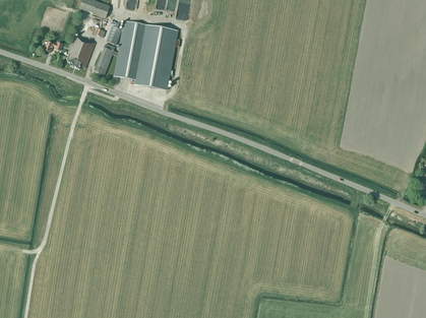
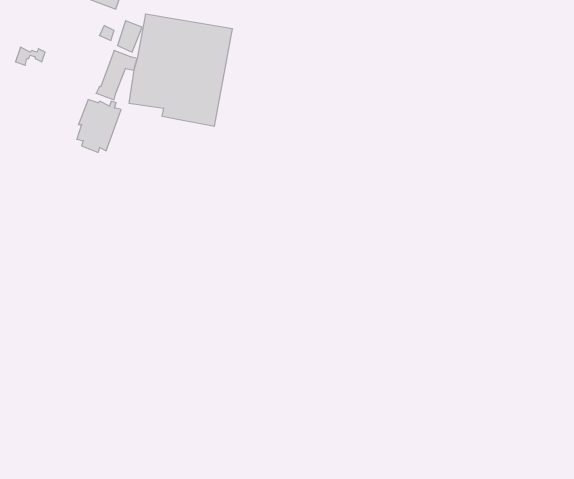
building: [67,36,95,68] -> [77,100,121,152]

